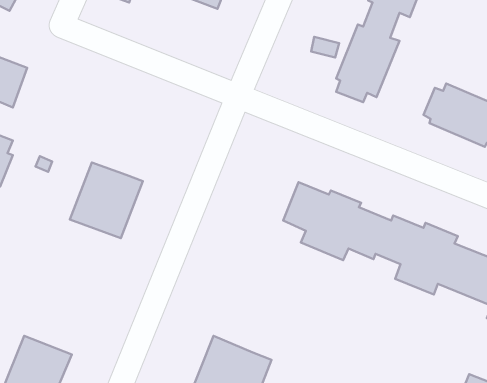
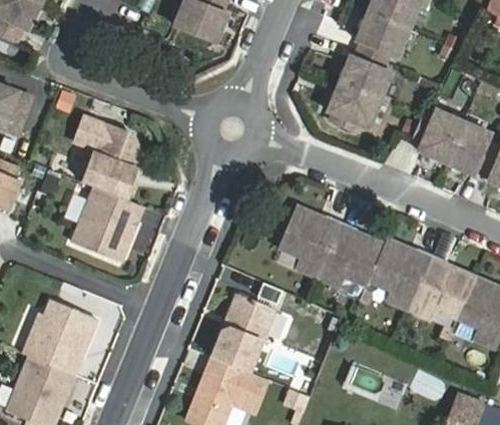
building: none -> [73,117,142,200]
building: none -> [210,293,275,372]
building: none -> [23,300,96,374]

